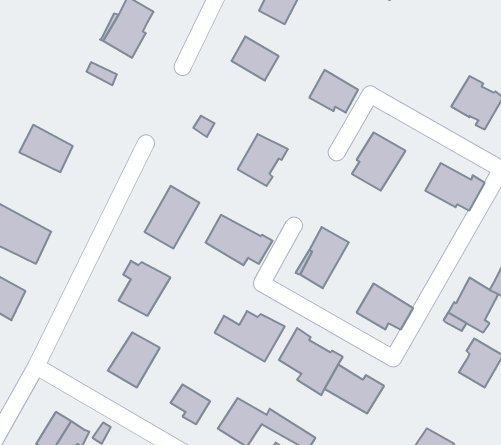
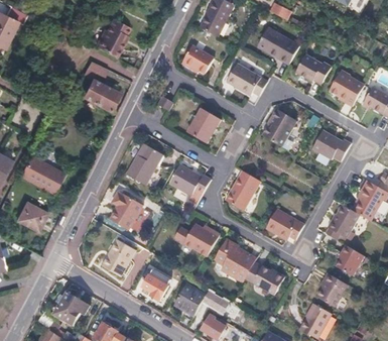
building: none -> [262,29,298,64]
building: none -> [294,54,331,83]
building: [19,125,73,172] -> [84,80,119,111]
building: none -> [315,272,347,307]

